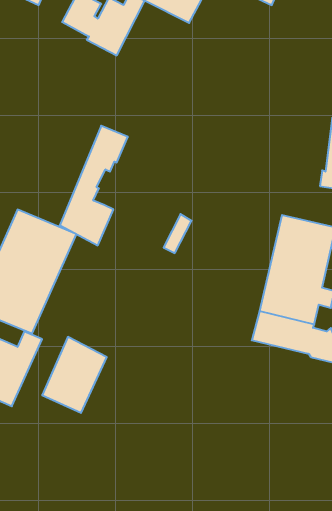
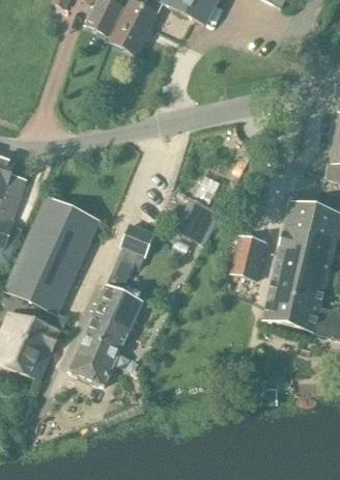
building: [60,126,128,245] -> [92,223,155,334]
building: none -> [230,235,265,279]

